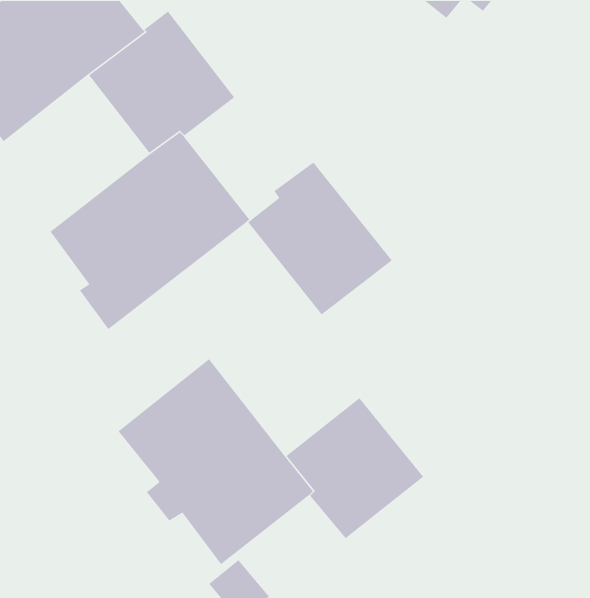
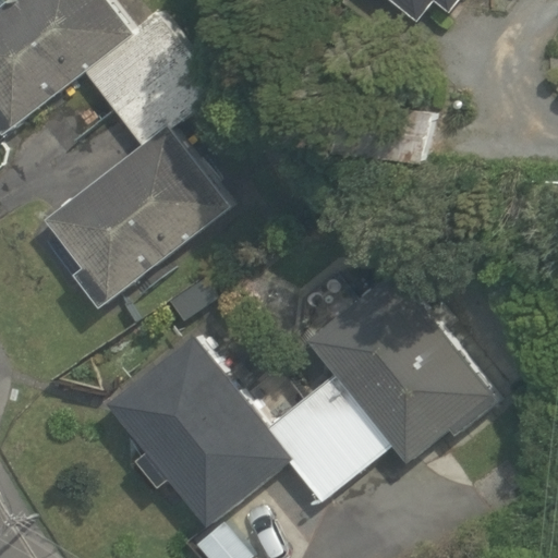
building: [247,161,393,315] -> none
building: none -> [307,270,497,461]

